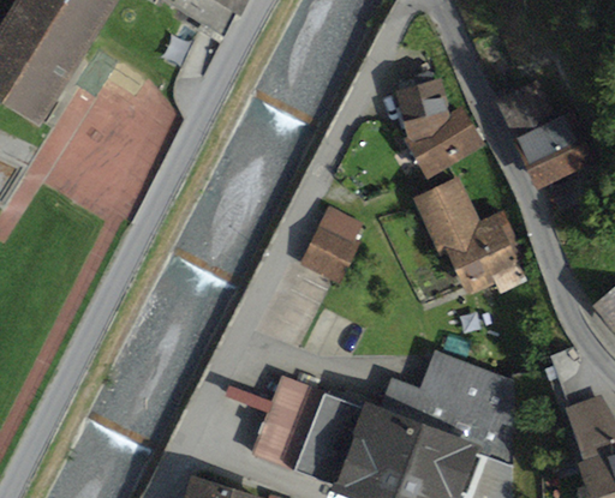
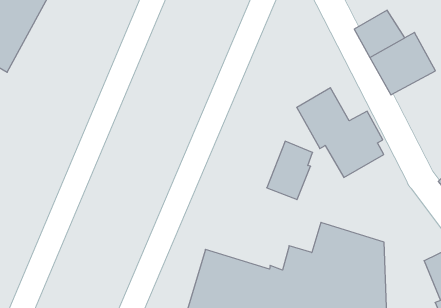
building: [395,79,485,180] -> none
building: [301,206,364,283] -> [267,141,313,200]

